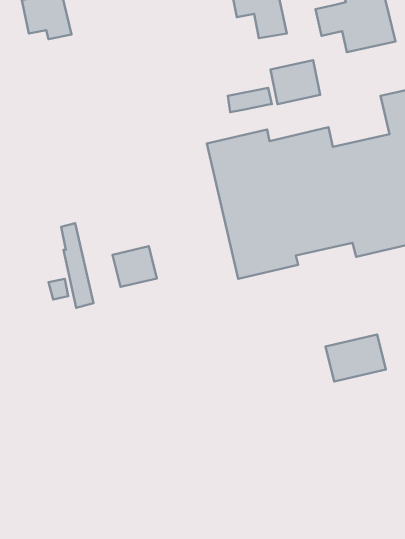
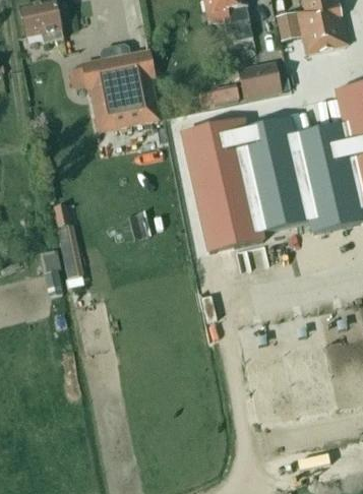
building: none -> [82,45,163,132]
building: [113,246,157,287] -> none
building: [326,334,386,381] -> none

